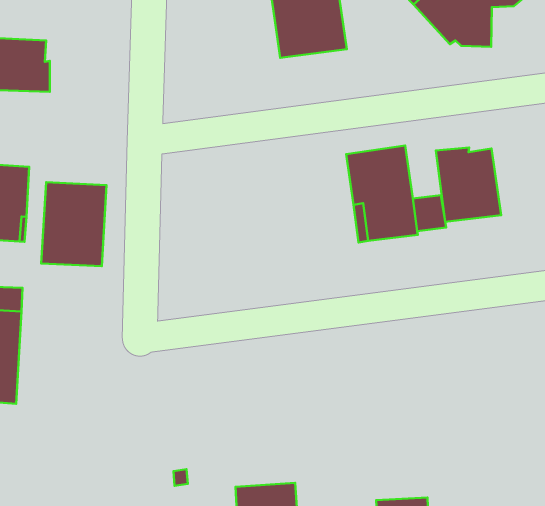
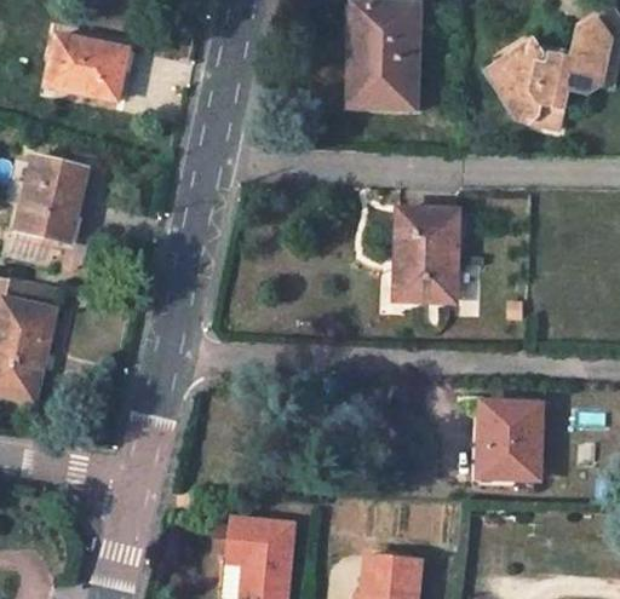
building: [436,147,501,222] -> none
building: [41,182,107,266] -> none
building: none -> [478,403,540,478]

